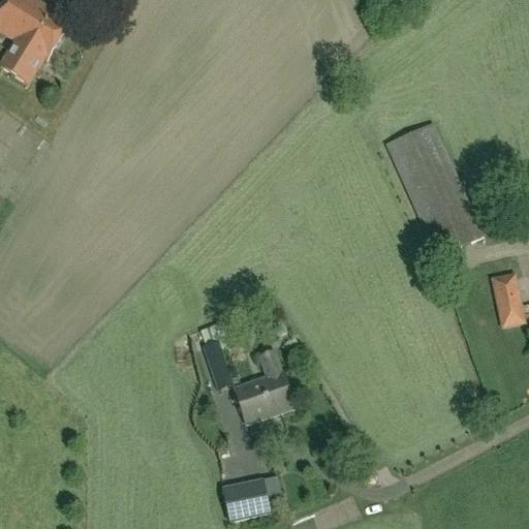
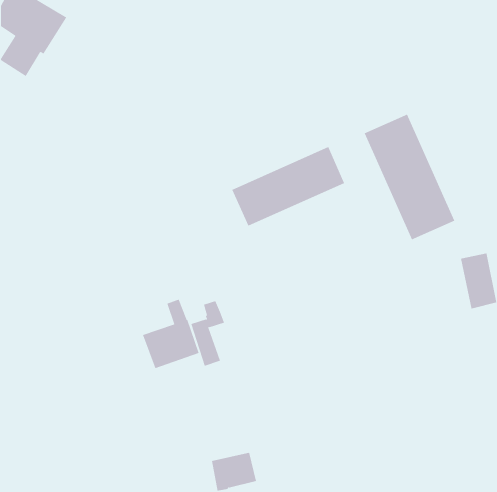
building: none -> [232,146,345,227]
building: [234,348,294,423] -> [142,299,200,369]

